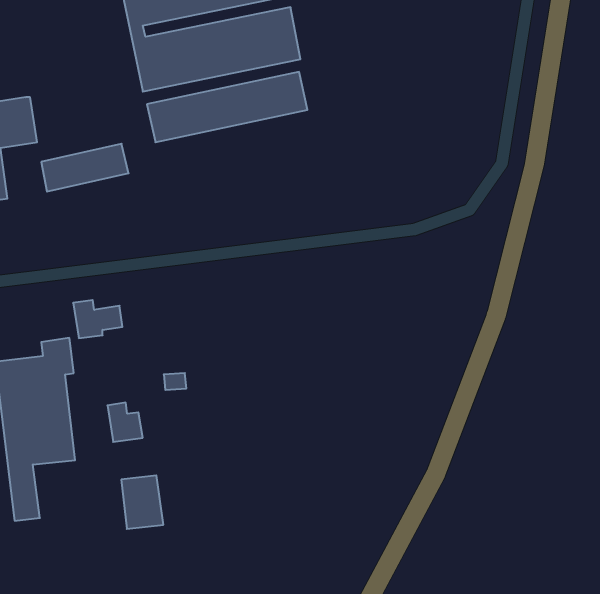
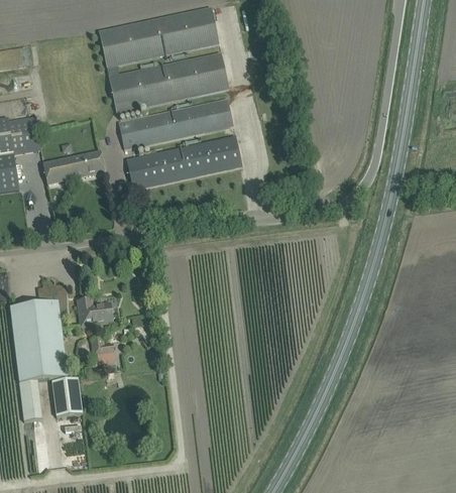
building: none -> [126,134,241,189]
building: [73,300,122,338] -> [77,297,112,325]
building: [121,475,163,529] -> [51,377,82,415]

